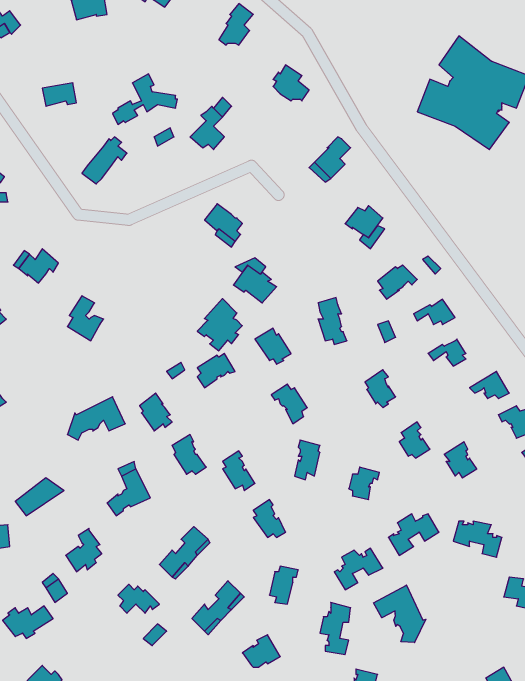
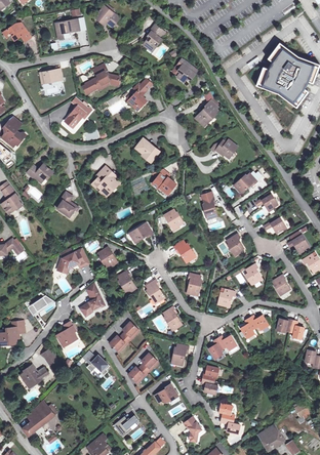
building: [197,299,242,351] -> [92,165,118,195]
building: [374,585,426,643] -> none

